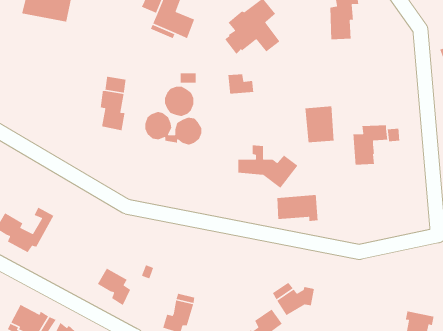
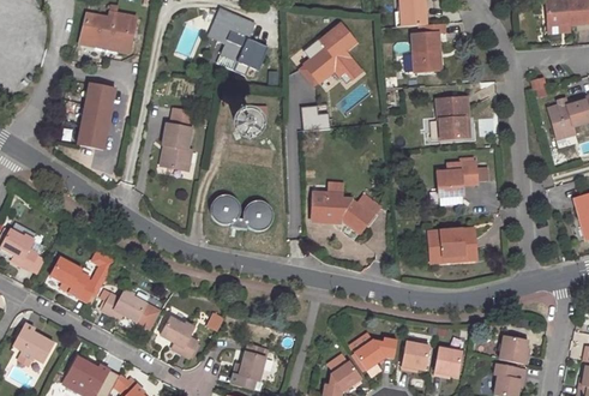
building: none -> [78,84,116,149]
building: [305,106,334,143] -> [437,97,469,138]
building: [144,111,202,146] -> [212,197,275,234]
building: [276,194,319,222] -> [429,229,475,259]
building: none -> [102,292,162,330]
building: none -> [500,336,529,365]
building: none -> [402,342,429,371]
building: none -> [434,348,463,377]

